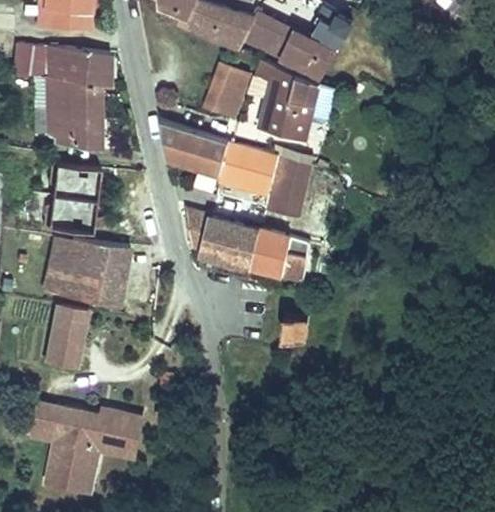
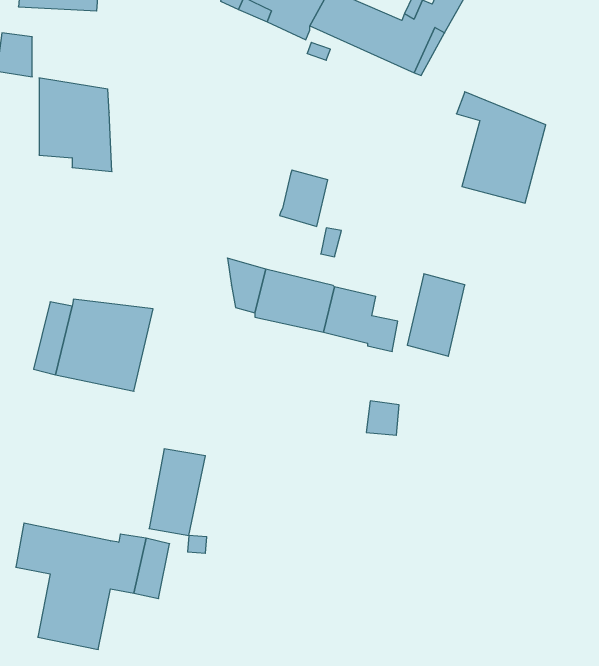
building: [48,49,109,88] -> none
building: [256,60,321,141] -> [456,92,546,203]
building: [212,65,252,116] -> none
building: [160,120,232,174] -> none
building: [268,158,310,218] -> [407,274,465,356]
building: [45,165,96,230] -> none
building: [45,307,86,370] -> [149,449,205,535]

